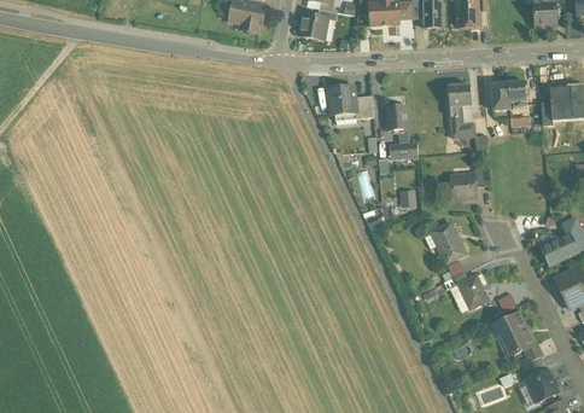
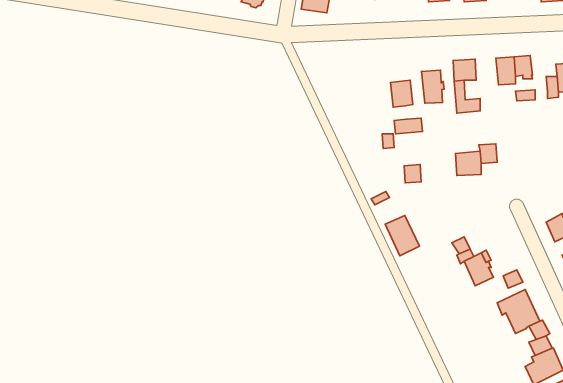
building: [327,86,367,118] -> none
building: none -> [422,70,444,103]
building: [431,223,465,263] -> [385,215,419,256]

